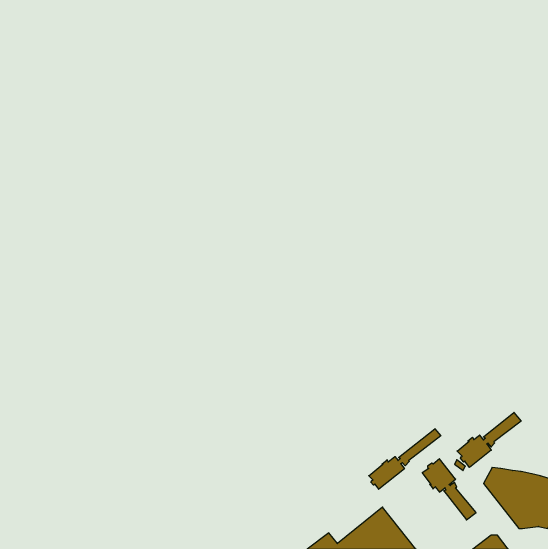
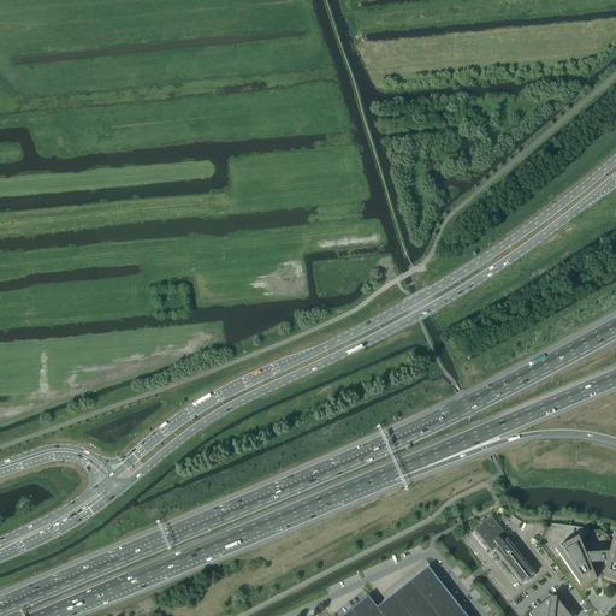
building: [457,412,521,467] -> none
building: [369,429,441,489] -> none

